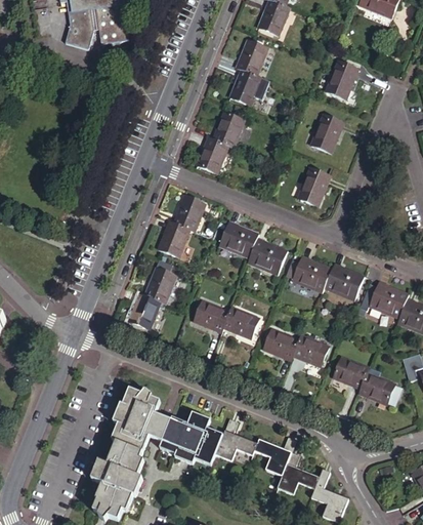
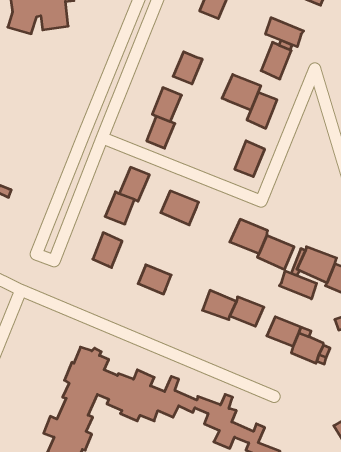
building: none -> [266,18,304,47]
building: [237,38,269,75] -> none
building: none -> [222,74,261,110]
building: [248,237,288,273] -> none
building: [129,292,161,327] -> none
building: [223,306,259,337] -> none
building: none -> [279,271,317,299]

